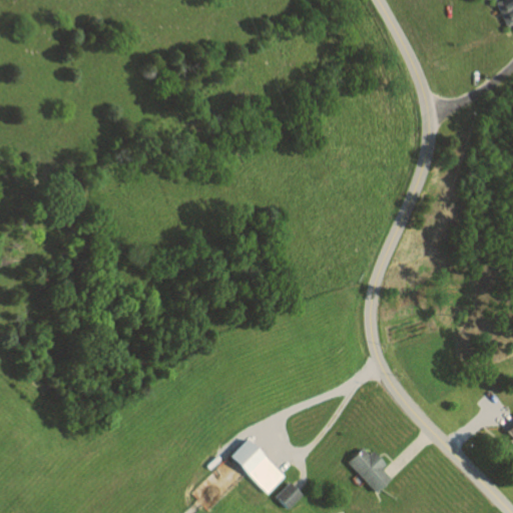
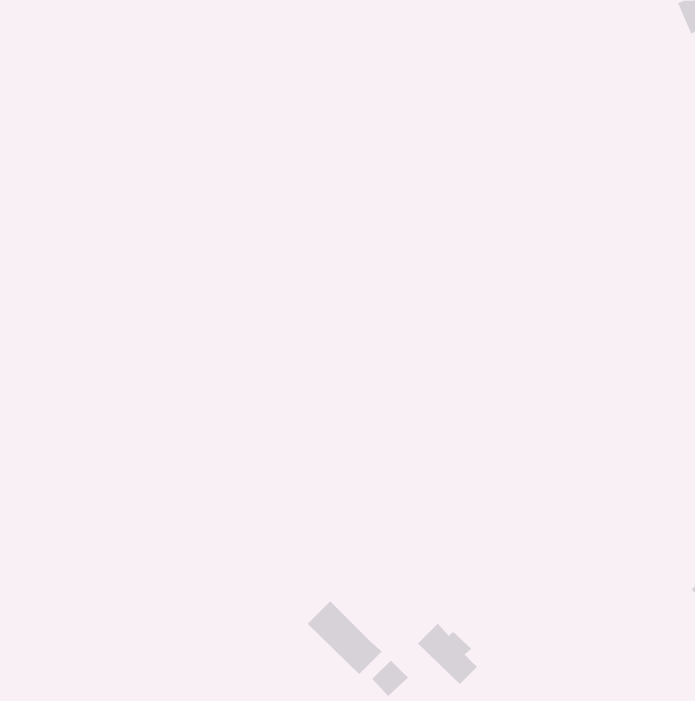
building: [349,447,393,492] -> [417,623,478,685]

